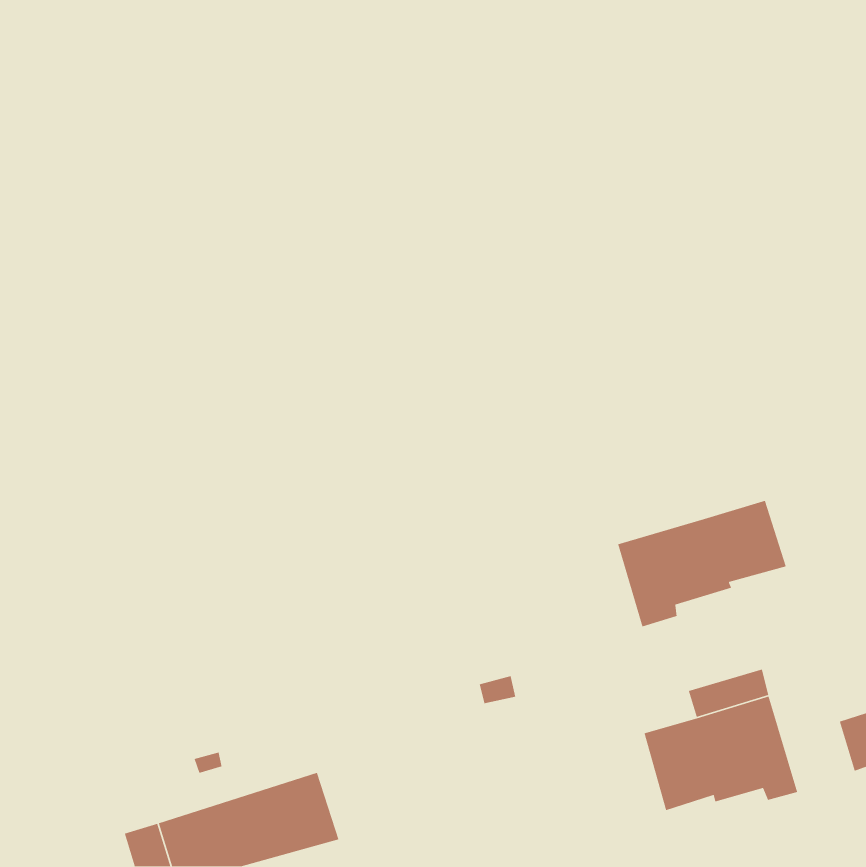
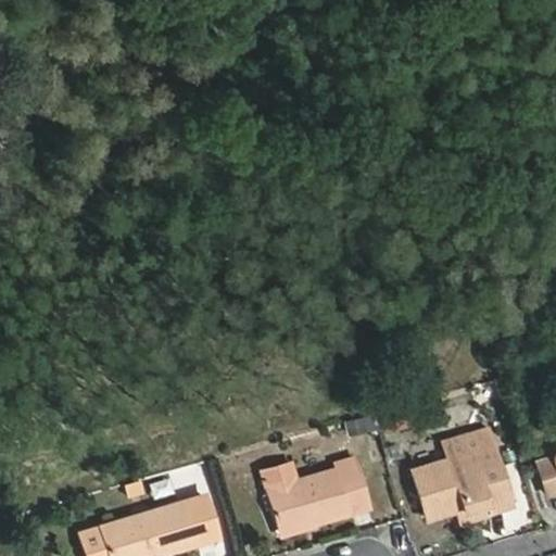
building: [617,500,787,628] -> none
building: none -> [266,458,369,529]

